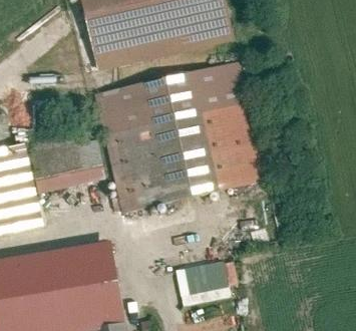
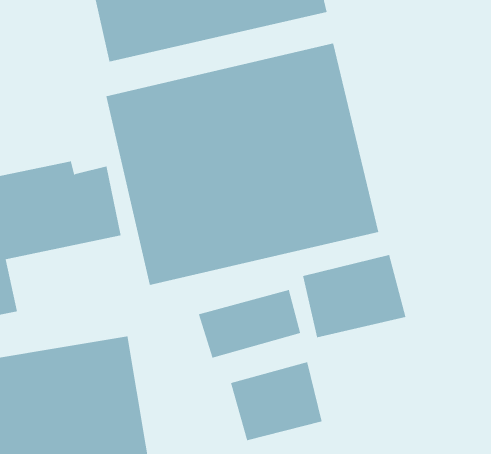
building: none -> [303,254,406,338]
building: none -> [198,289,301,358]

